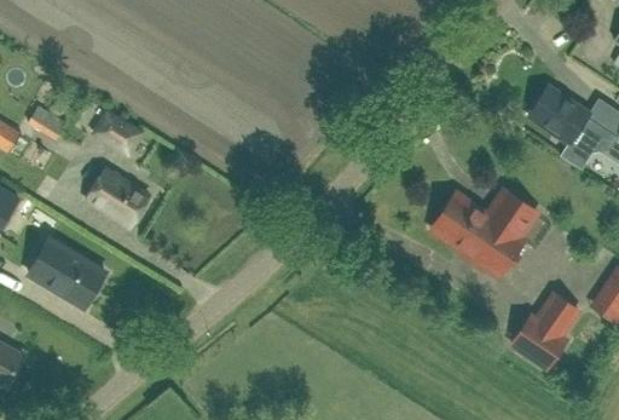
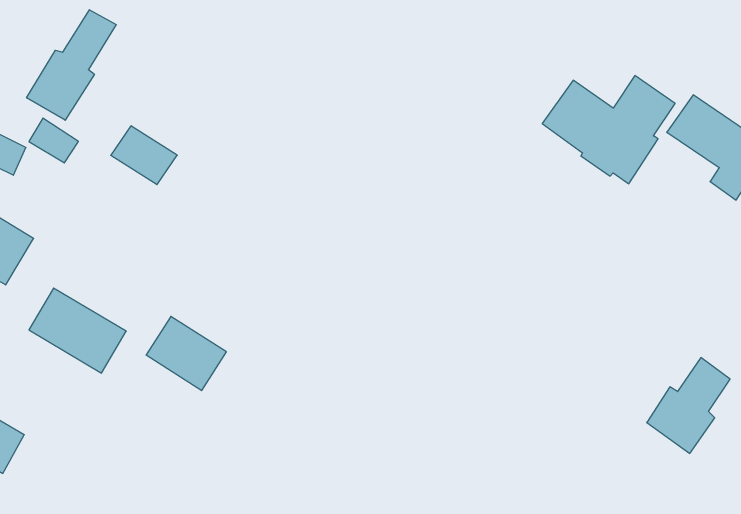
building: none -> [27,10,116,120]
building: [83,168,146,226] -> [146,316,226,391]
building: [430,191,534,276] -> [542,76,675,184]

